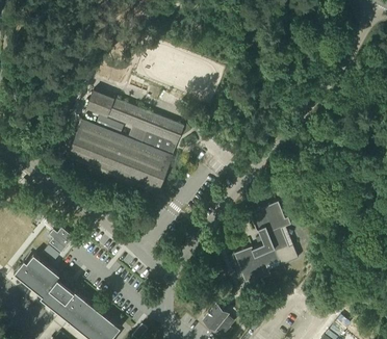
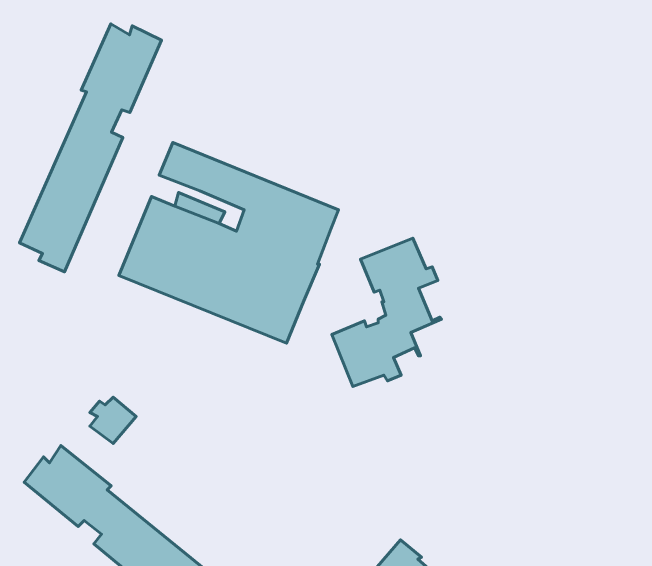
building: none -> [20,24,161,272]
building: [234,202,293,282] -> [332,238,442,387]

